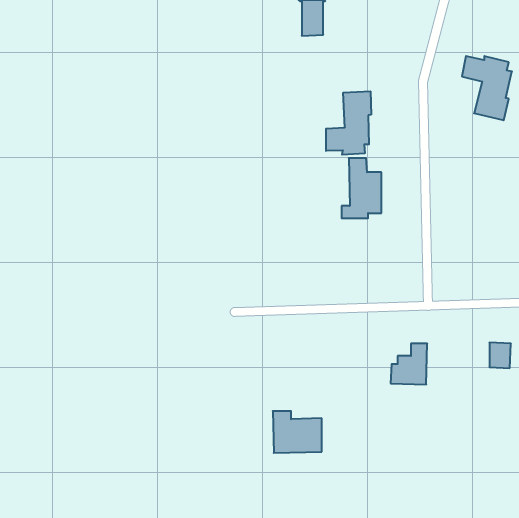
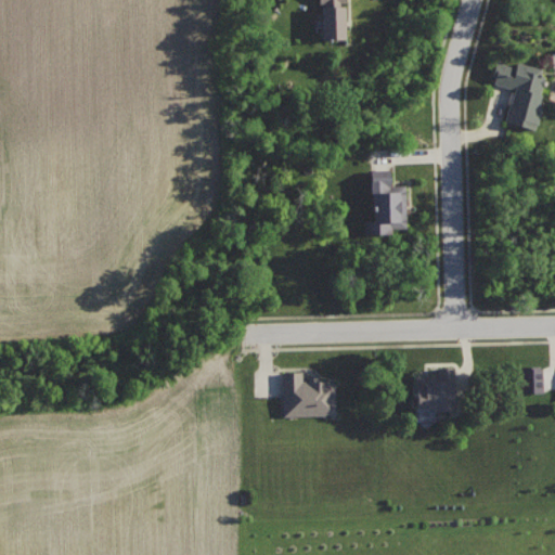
building: [326,91,371,155] -> none
building: [273,411,322,453] -> [284,373,336,417]

